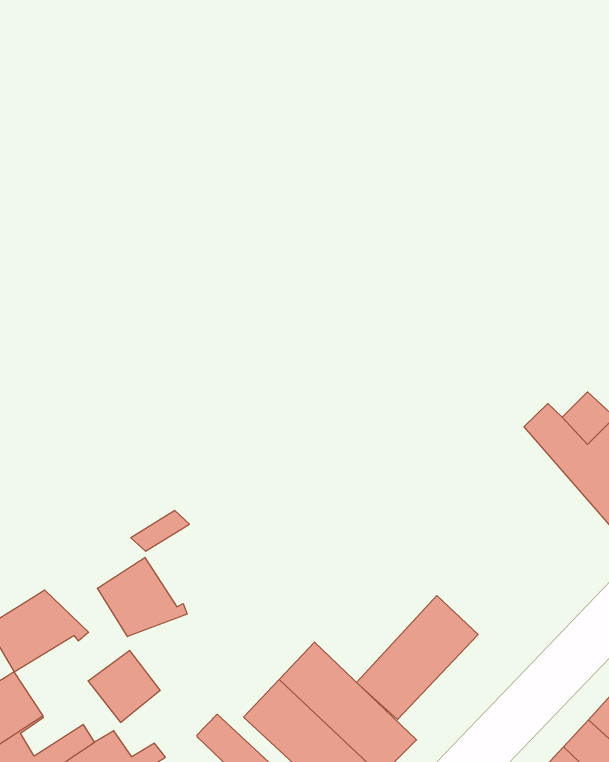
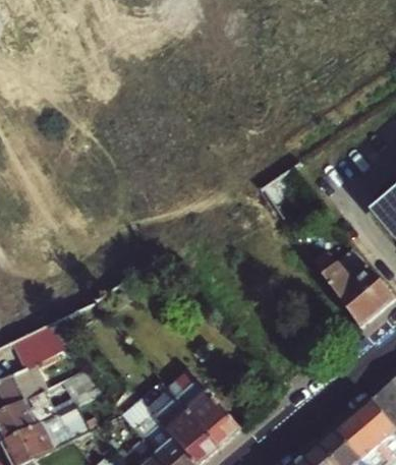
building: [97,557,187,637] -> none
building: [356,596,478,720] -> none

